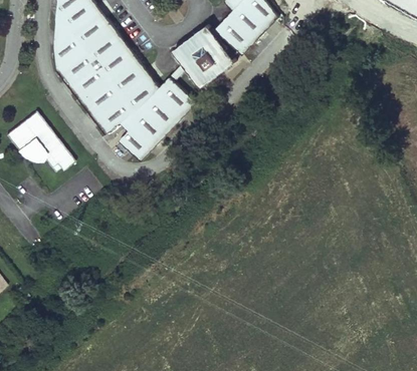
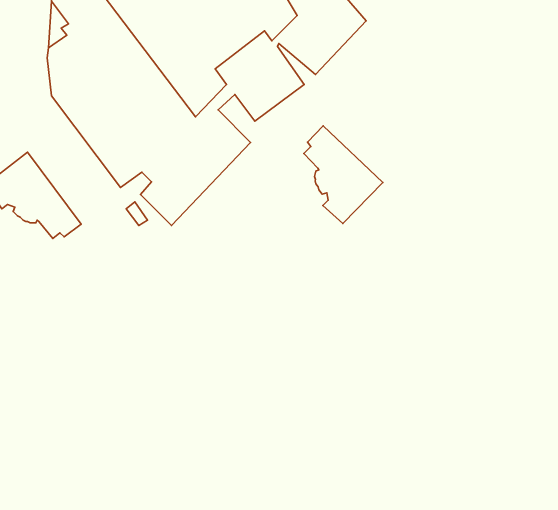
building: none -> [304,126,383,223]

